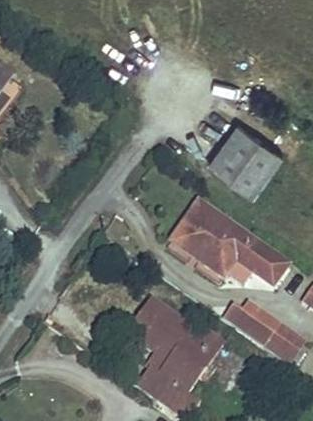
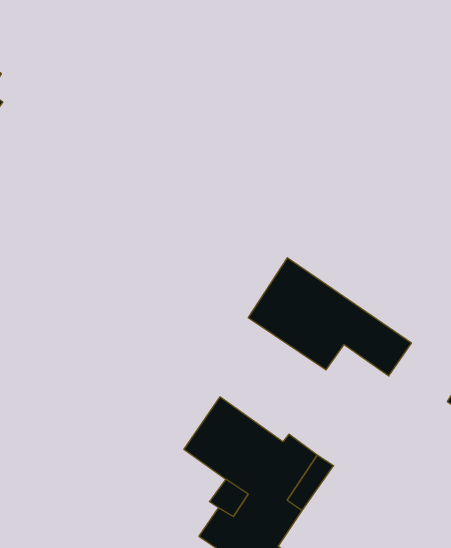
building: [210,117,283,187] -> none
building: [229,299,299,356] -> none

